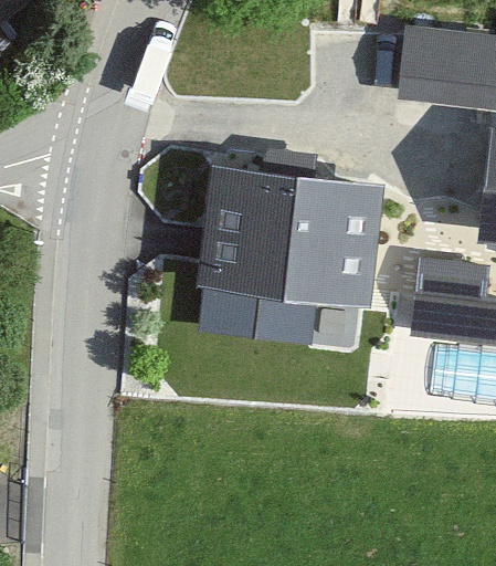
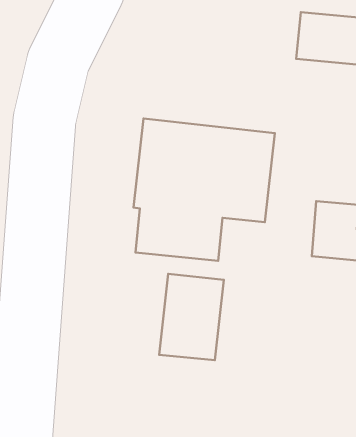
building: none -> [159,274,224,360]

